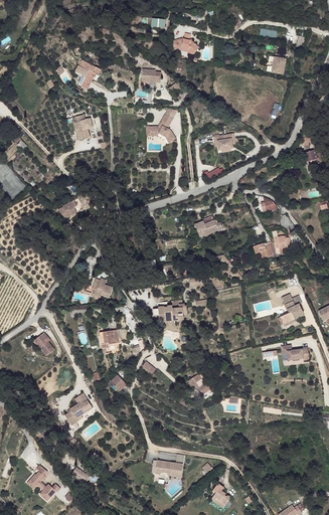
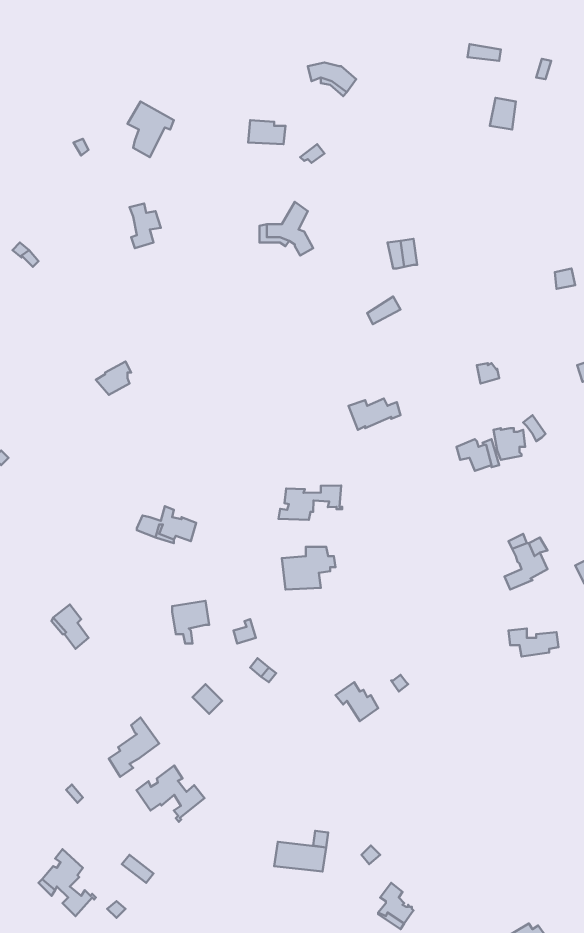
building: none -> [278,485,342,520]
building: none -> [136,765,204,822]

